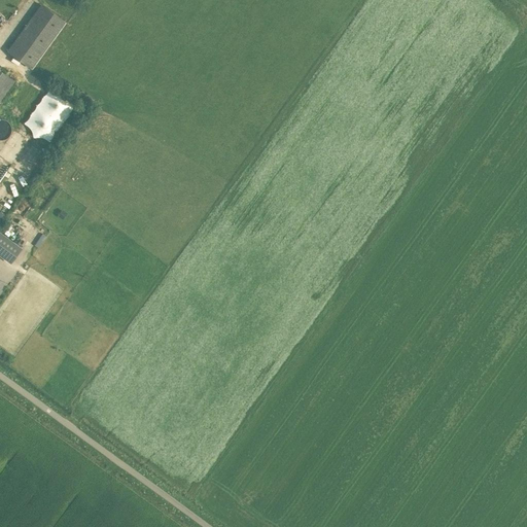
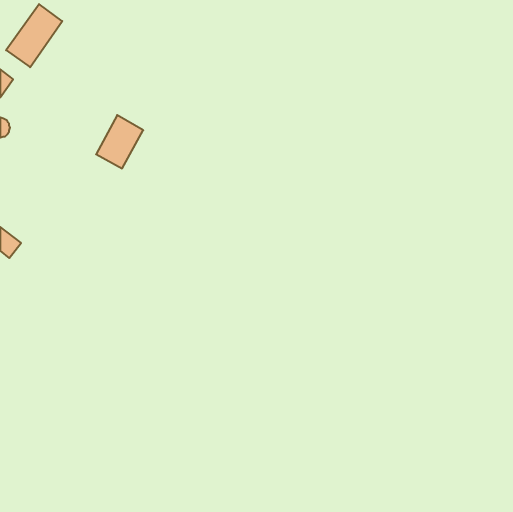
building: [24,87,72,142] -> [96,115,143,168]

